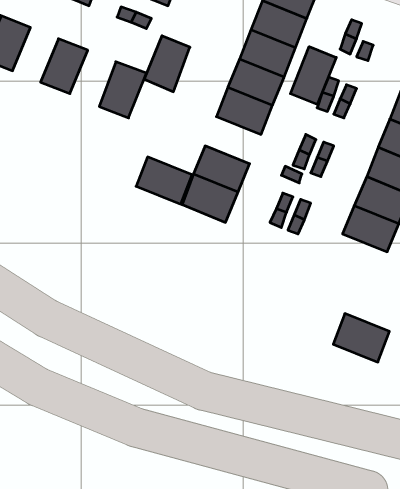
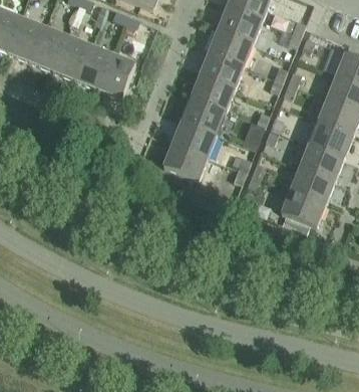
building: none -> [30,26,66,69]
building: [144,36,190,92] -> [75,44,111,88]
building: [290,47,336,105] -> none
building: [136,157,192,204] -> [182,96,226,134]
building: [333,314,389,362] -> [281,189,325,227]

